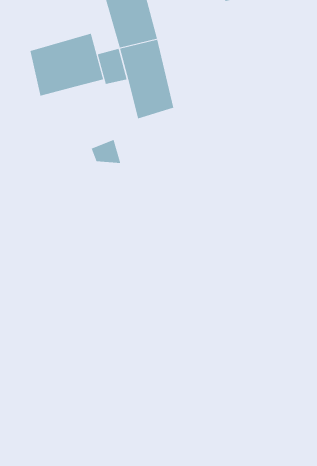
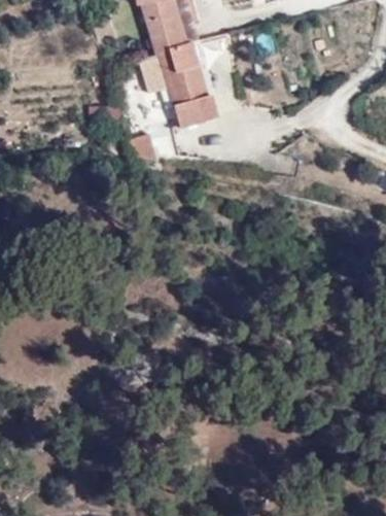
building: [30,33,104,96] -> none

